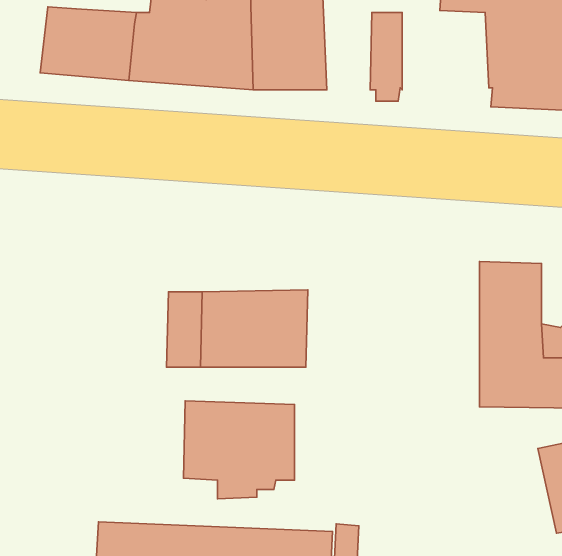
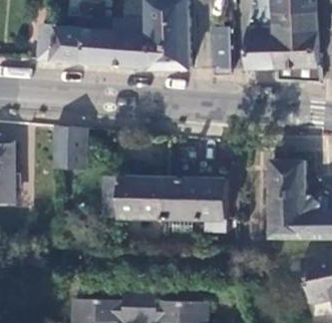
building: none -> [249,27,276,69]
building: none -> [54,126,87,169]
building: [183,401,295,499] -> [179,176,238,228]

